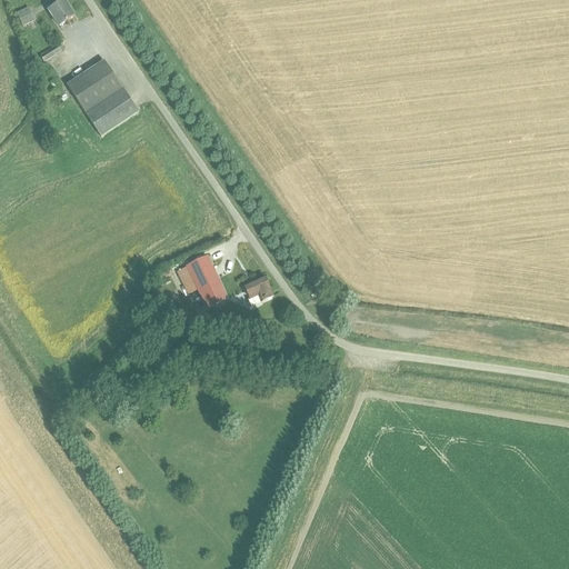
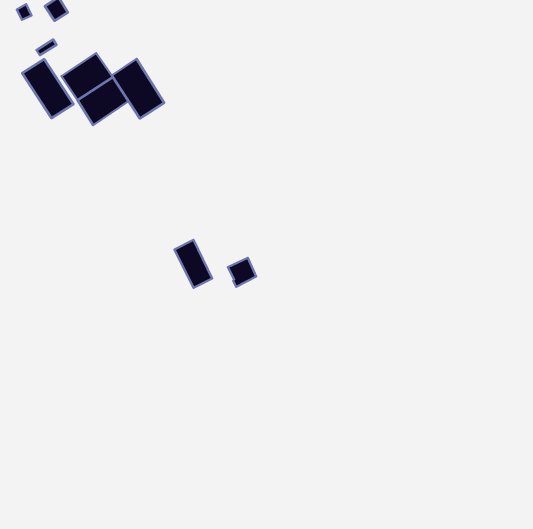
building: none -> [112,59,164,118]
building: none -> [22,59,73,118]

